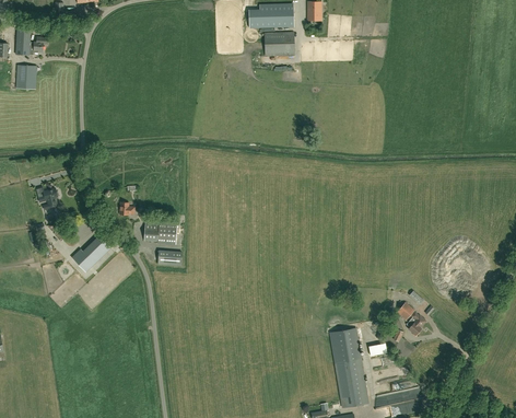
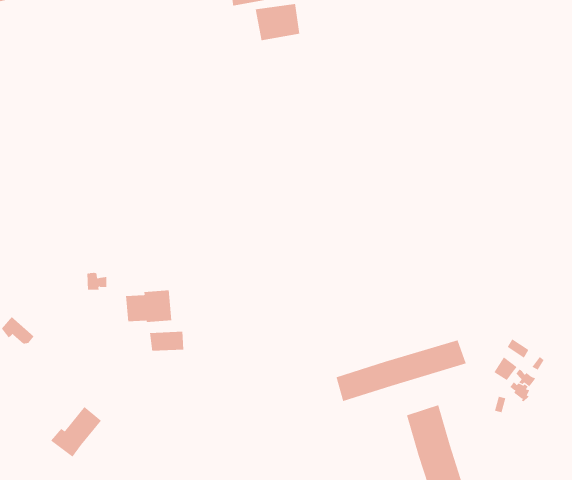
building: [72,236,110,271] -> [50,406,102,457]
building: none -> [336,339,466,402]

